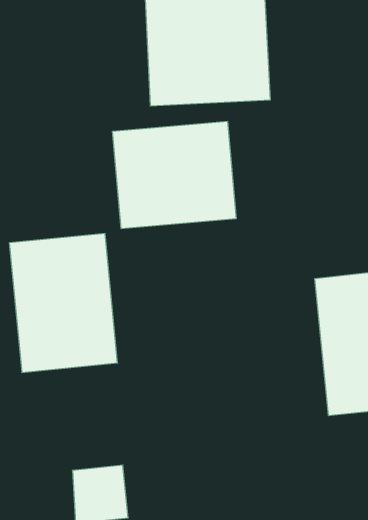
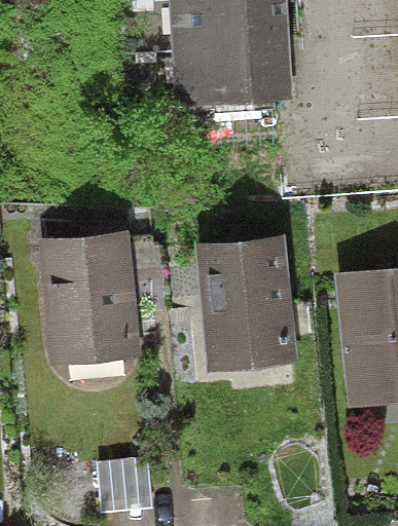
building: [113,121,236,229] -> none
building: none -> [195,235,297,372]

